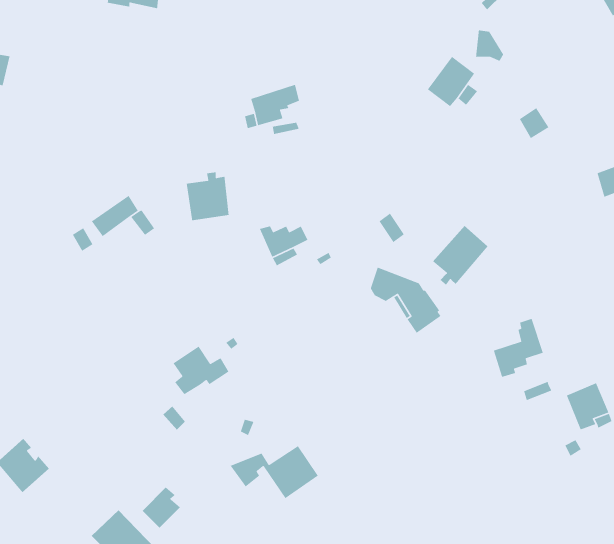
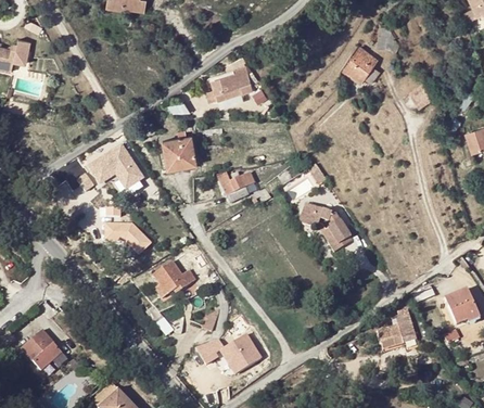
building: [432,225,488,286] -> none
building: none -> [104,224,149,255]
building: [493,318,544,378] -> [378,307,416,352]
building: [142,486,181,529] -> none

